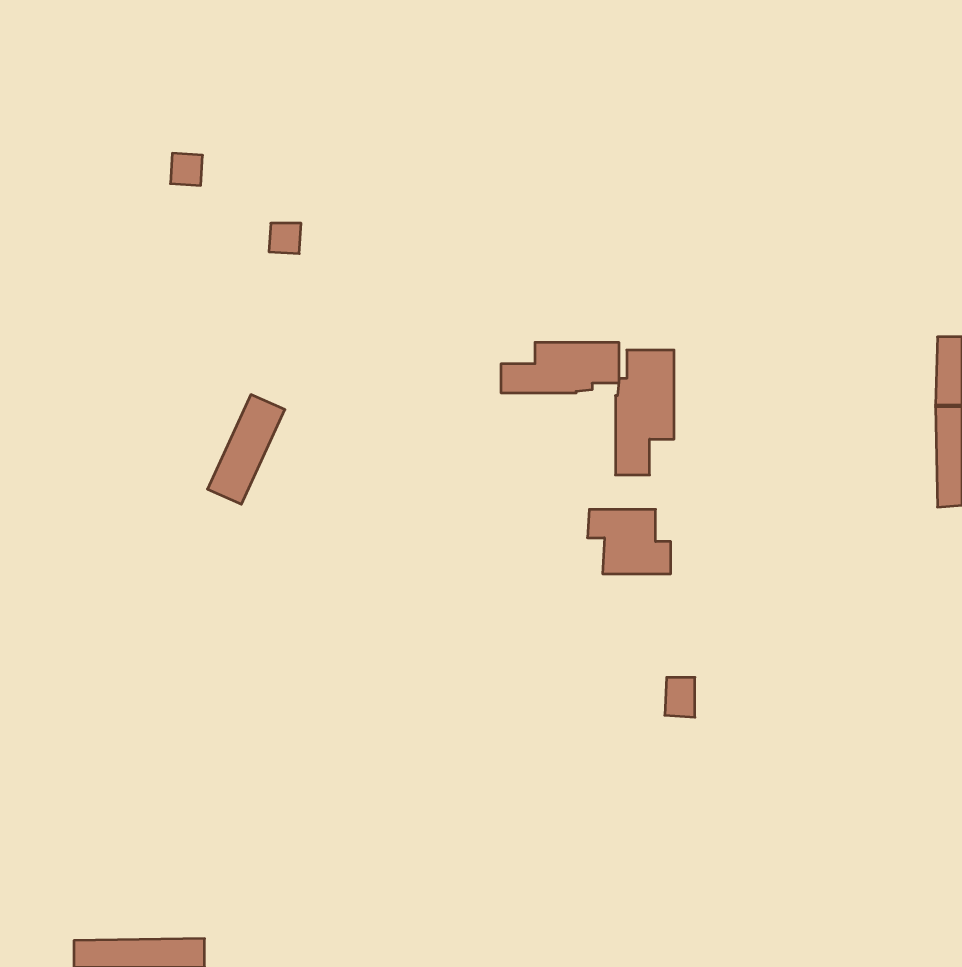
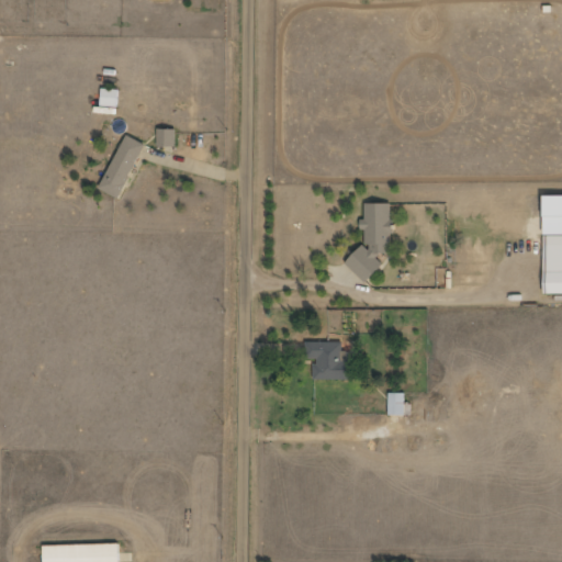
building: [501,342,619,393] -> none
building: [207,395,285,504] -> [99,135,144,199]
building: [587,509,671,574] -> [303,342,351,380]

